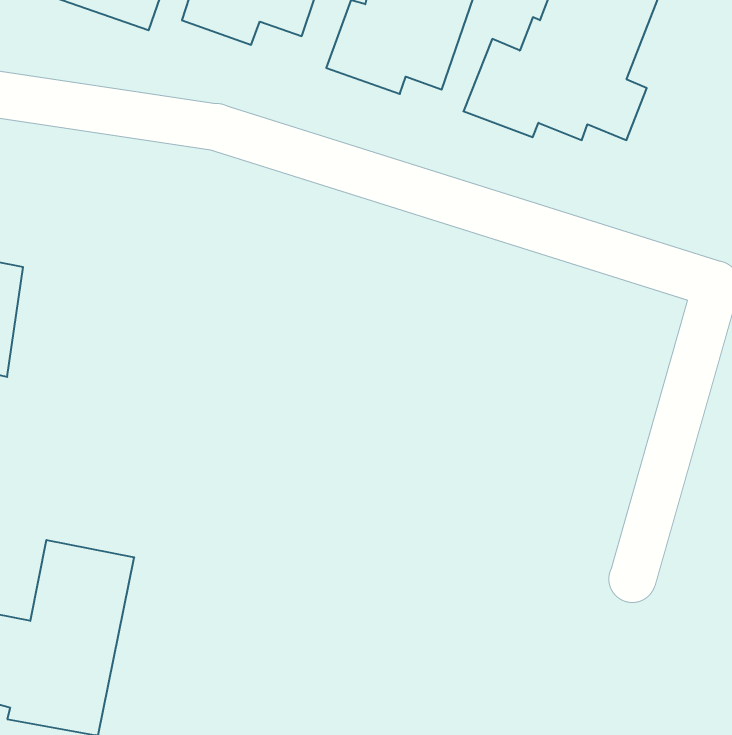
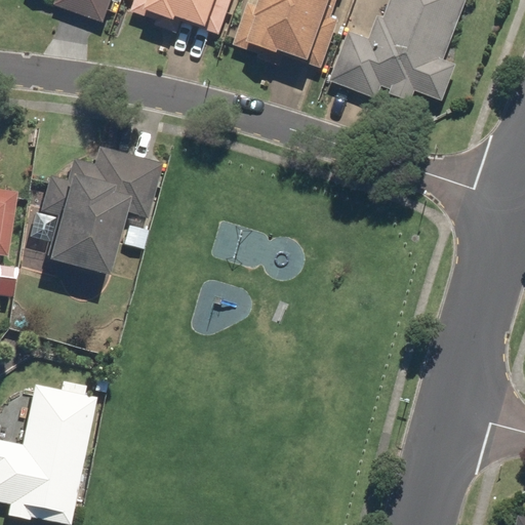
building: none -> [39,144,161,280]

